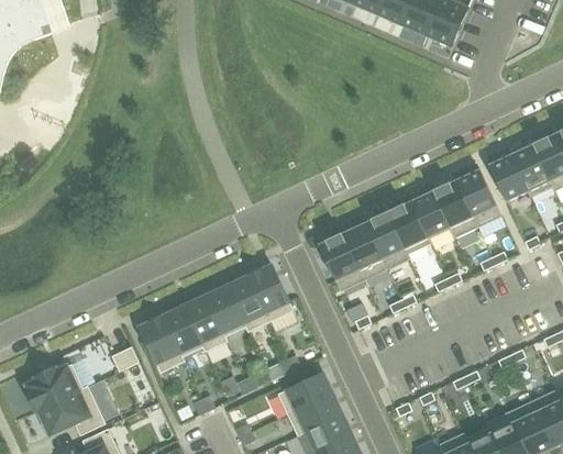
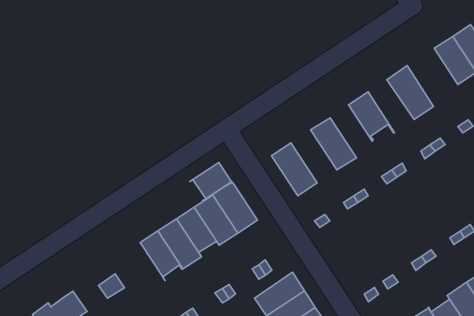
building: [488,153,530,201] -> none
building: [432,179,477,237] -> none
building: [387,200,429,258] -> none
building: [341,221,386,279] -> none
building: none -> [190,163,231,201]
building: [139,315,184,372] -> none

